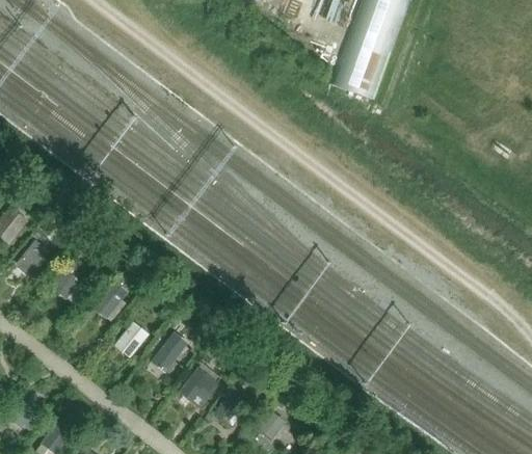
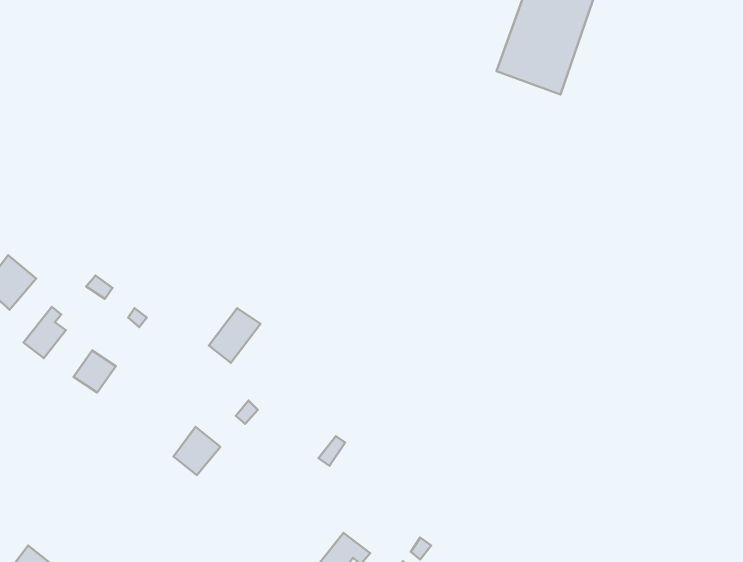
building: [92,282,127,318] -> [209,308,260,363]
building: [151,331,187,372] -> none
building: [178,367,219,401] -> none

